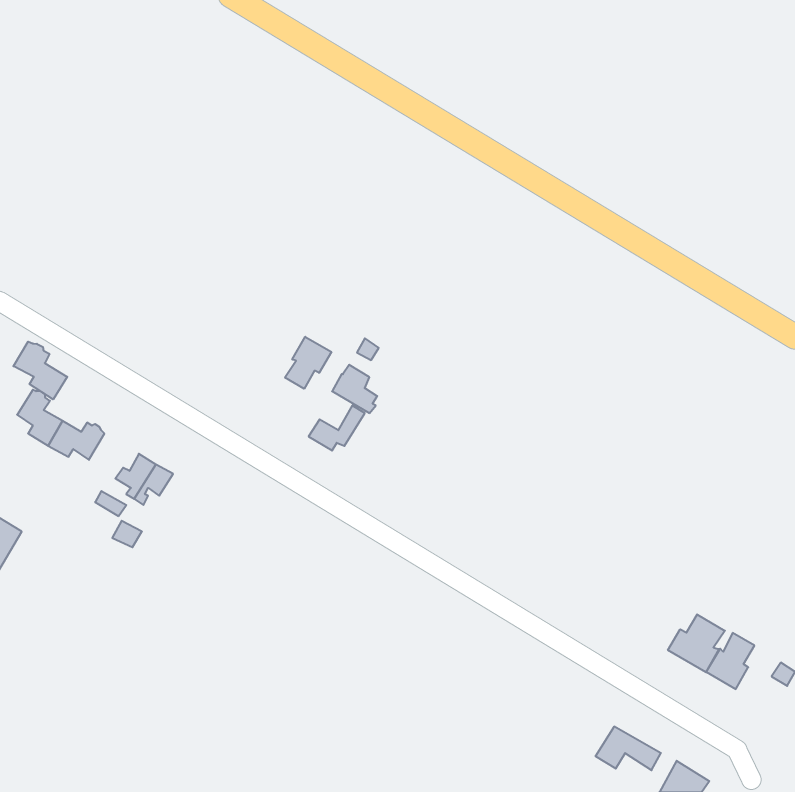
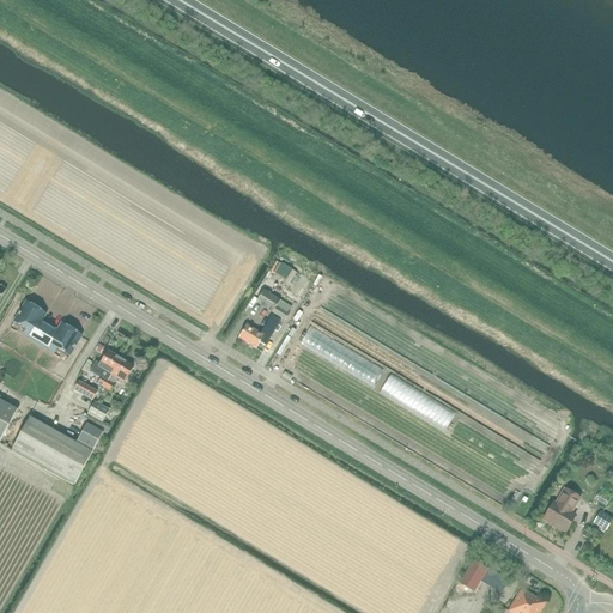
building: [285,337,331,389] -> none
building: [13,342,67,399] -> none
building: none -> [11,415,102,482]
building: [668,614,725,672] -> none

